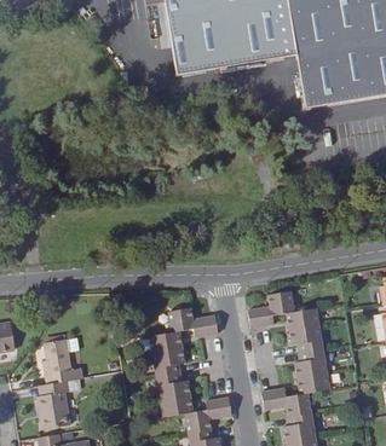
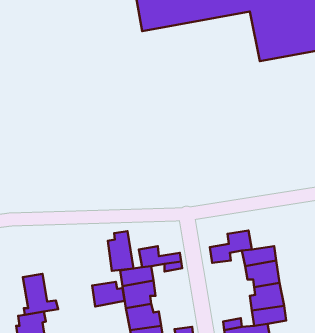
building: none -> [108,231,134,271]
building: none -> [92,282,125,306]

